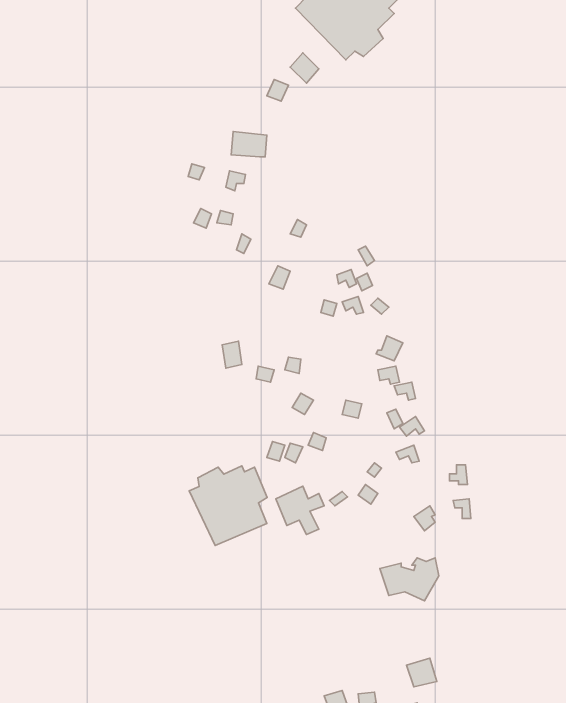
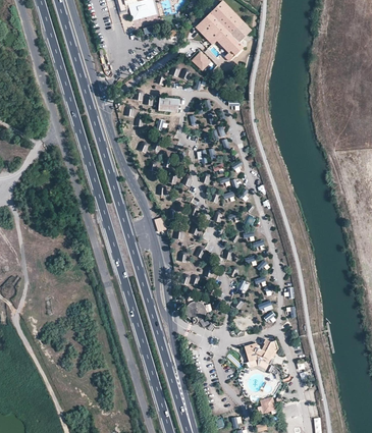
building: [189,466,267,546] -> none

